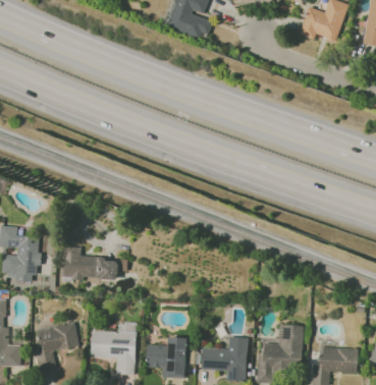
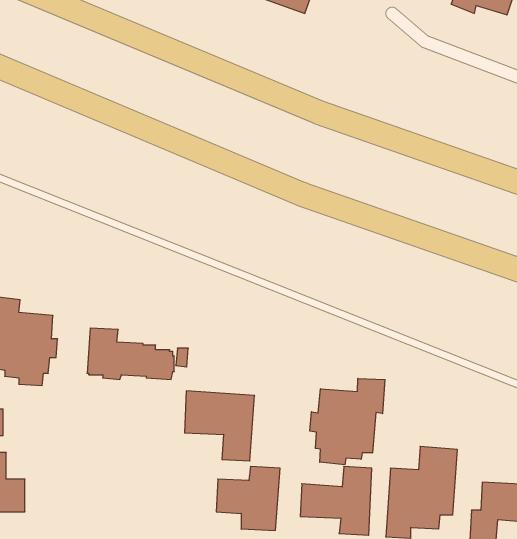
building: none -> [310,378,385,465]
building: [35,321,79,370] -> none
building: [91,329,137,375] -> [185,391,255,461]

